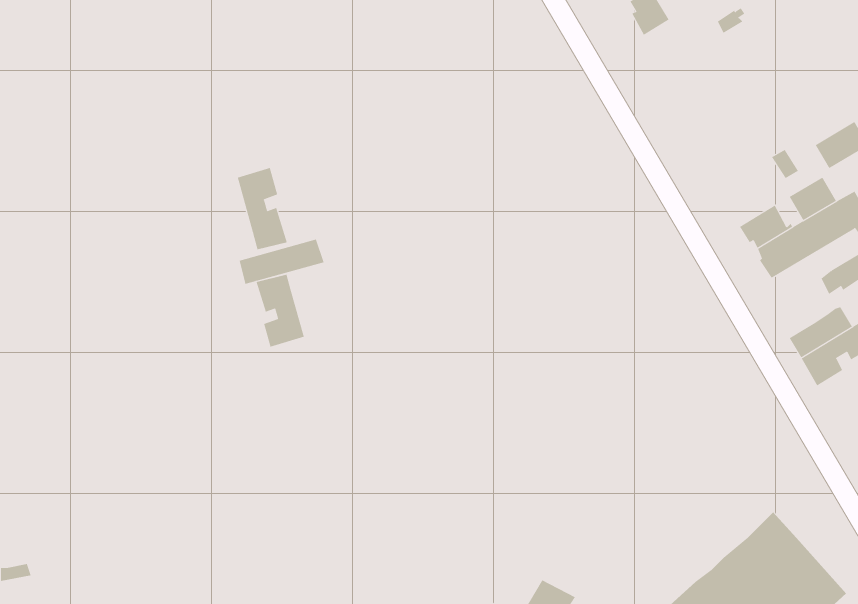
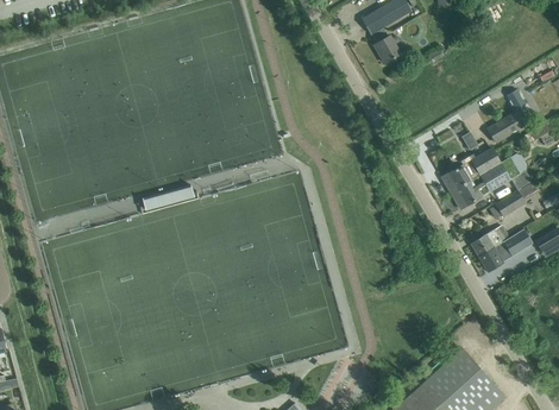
building: [237,167,287,250] -> none
building: [256,274,304,348] -> none

